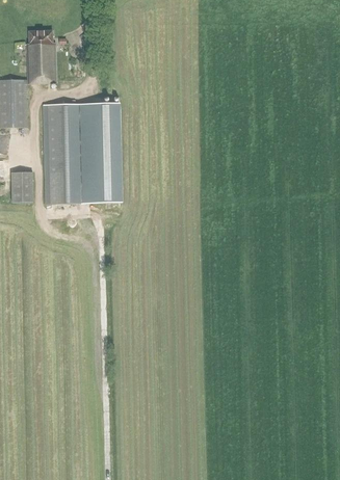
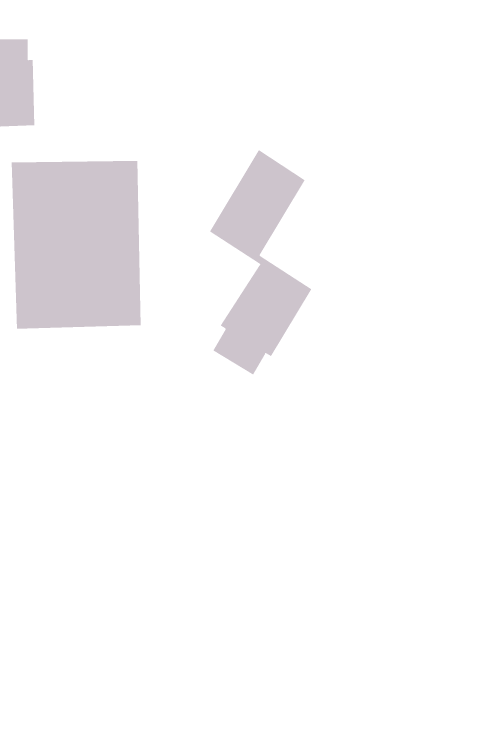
building: none -> [209,149,312,376]

